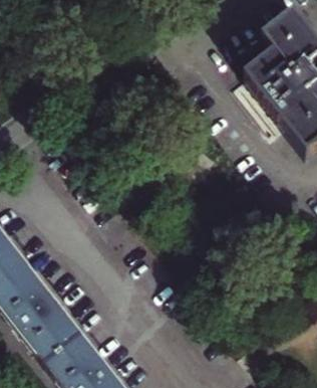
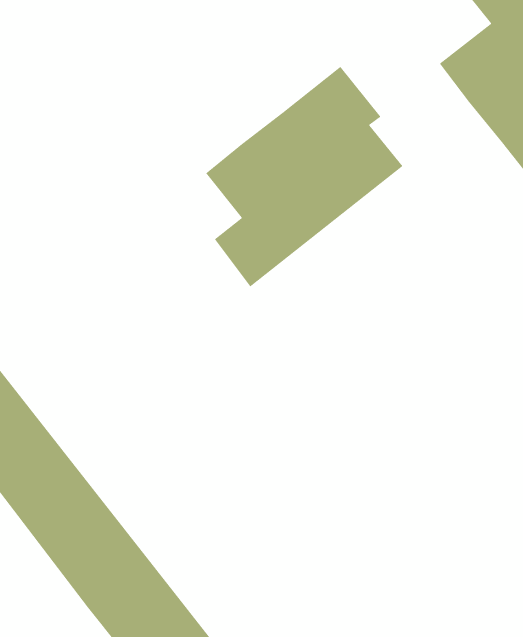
building: none -> [205,66,403,287]

